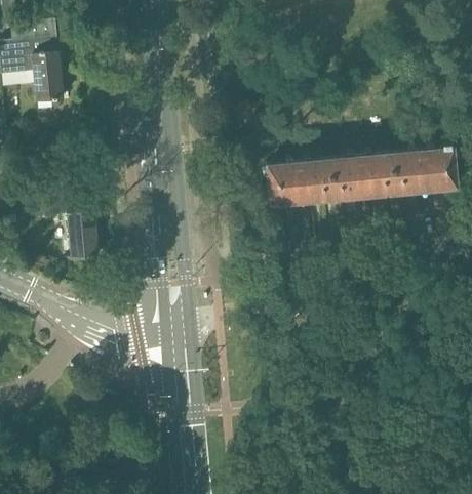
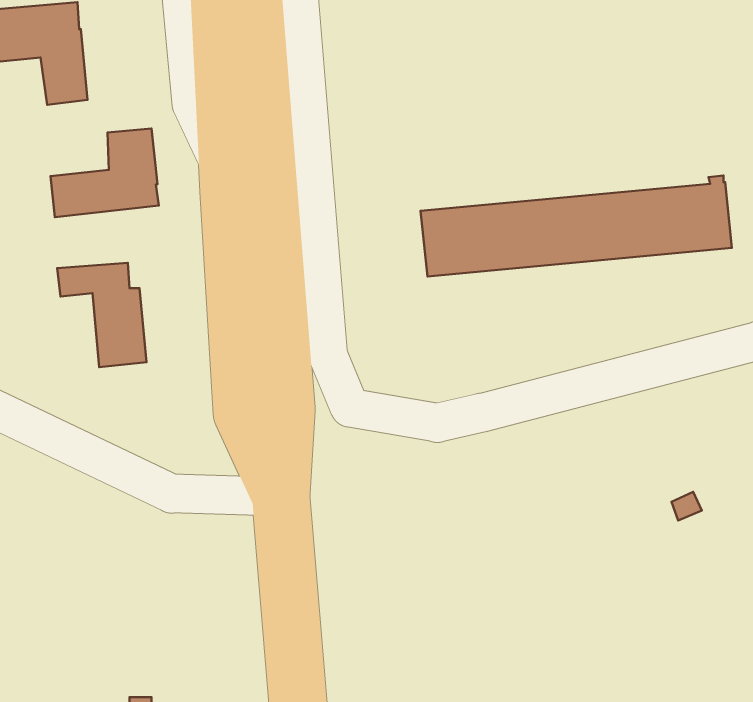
building: none -> [50,129,159,217]

